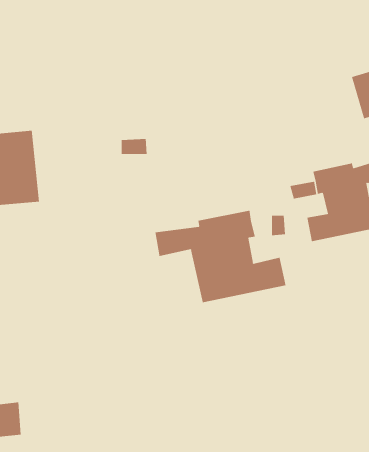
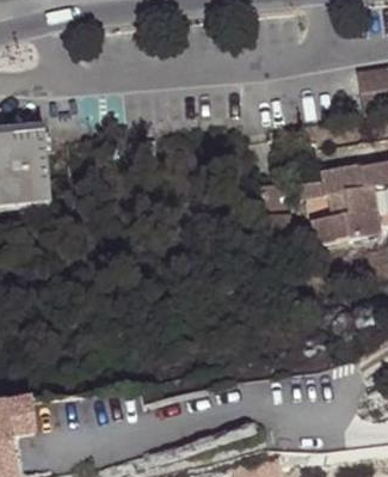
building: [155,210,286,303] -> none

